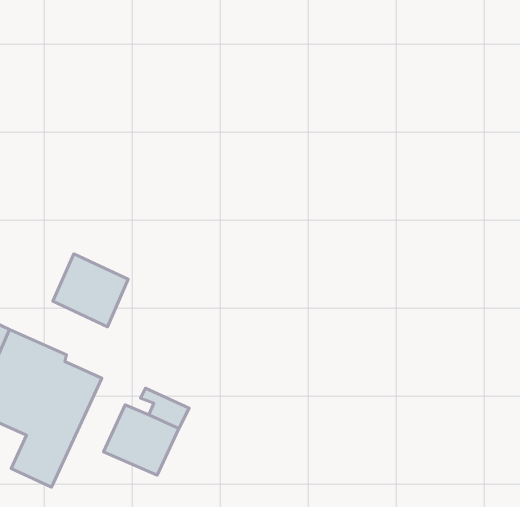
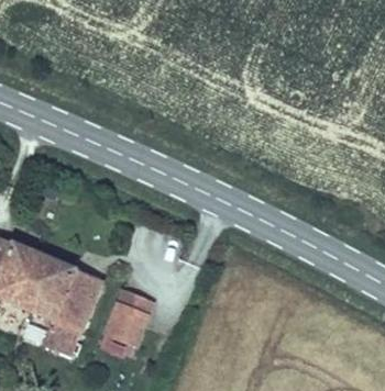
building: [53,254,128,327] -> none

